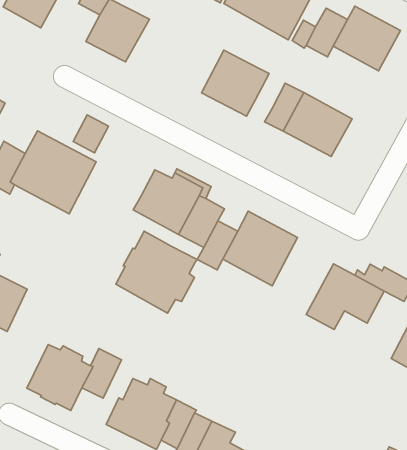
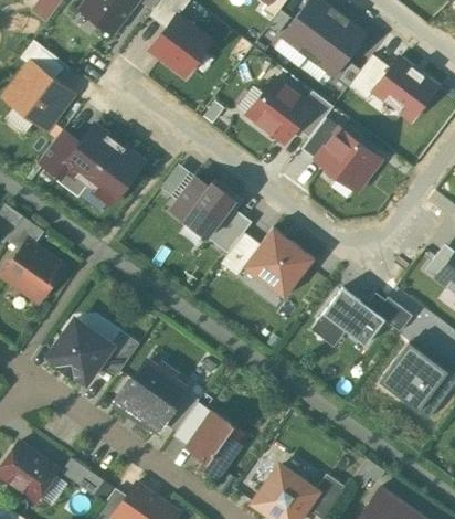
building: none -> [296,92,334,139]
building: [73,115,109,153] -> [161,165,195,200]
building: [116,231,197,313] -> none

